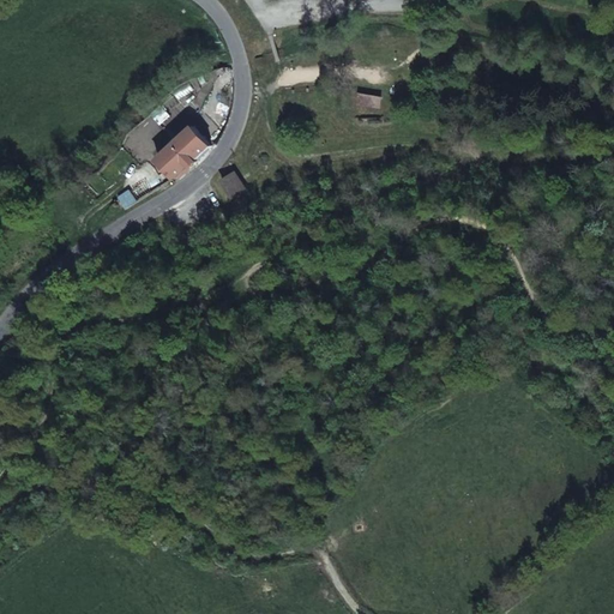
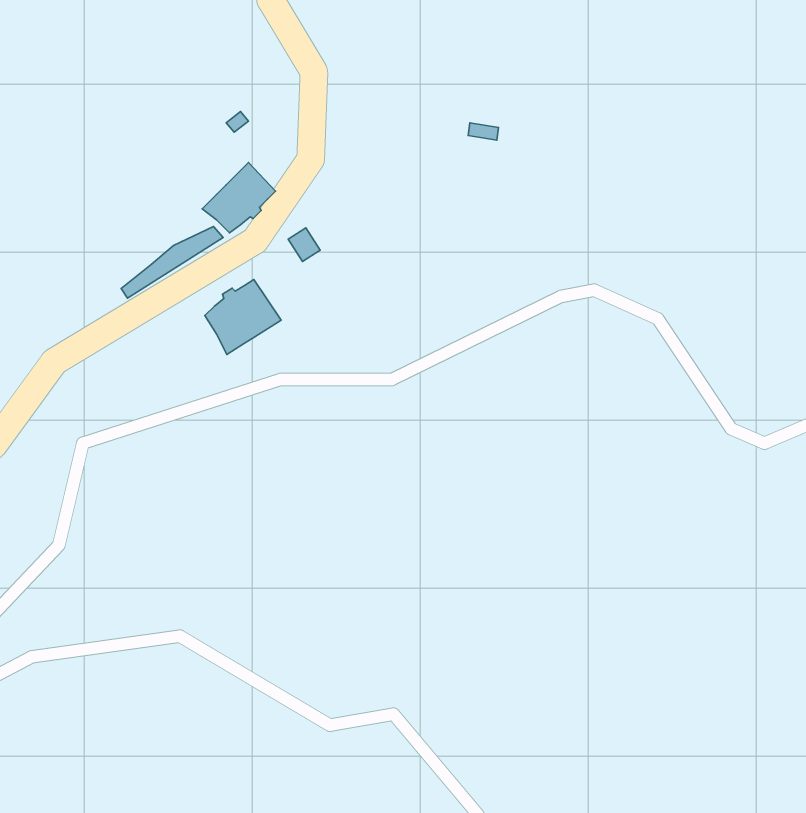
building: none -> [205,279,281,355]

